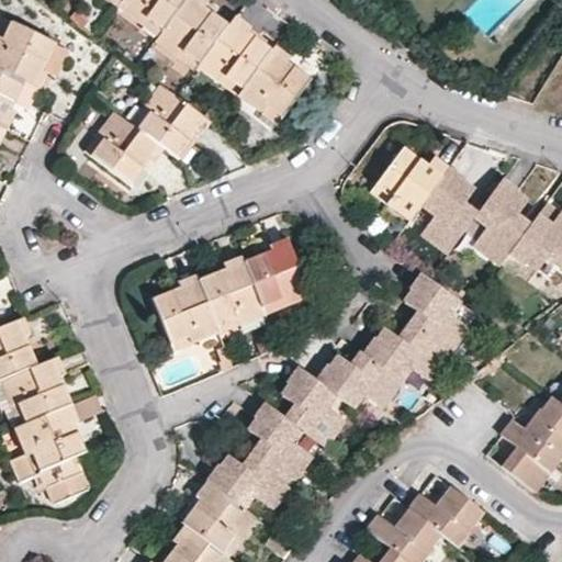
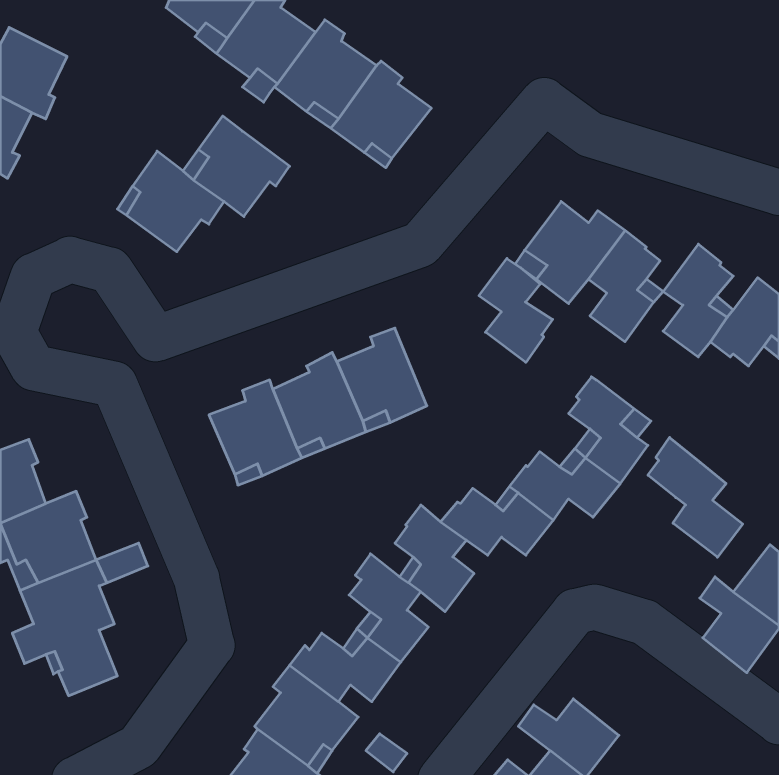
building: none -> [479,258,553,362]
building: none -> [648,437,743,557]
building: [413,483,488,543] -> none

